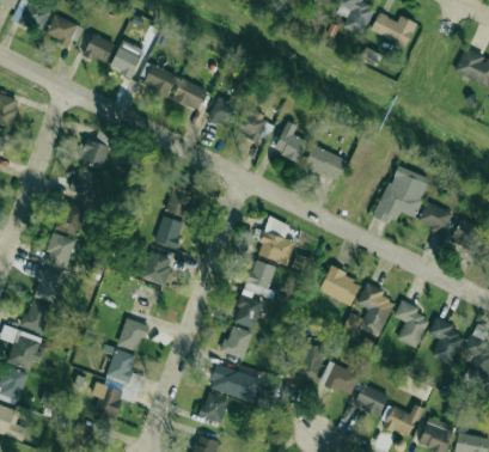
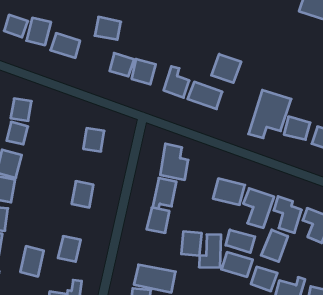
building: [172,79,207,110] -> [95,17,121,40]
building: none -> [211,54,241,83]
building: [153,216,184,250] -> none
building: [222,326,251,359] -> [181,232,202,256]
building: none -> [226,230,255,253]
building: none -> [261,230,288,262]
building: [104,348,136,387] -> [20,246,44,276]

